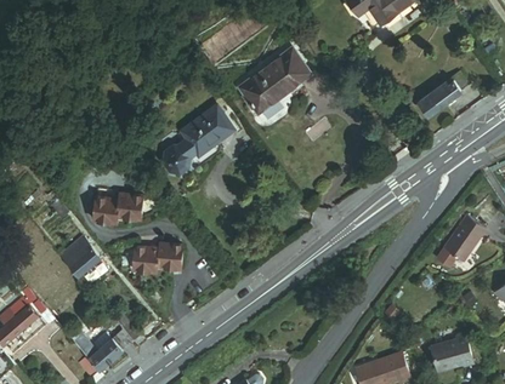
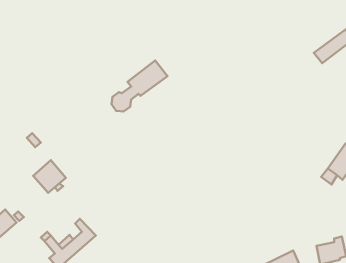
building: [242,50,310,110] -> none
building: [93,195,141,223] -> none
building: [134,245,182,273] -> none

